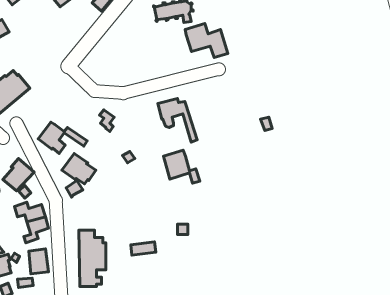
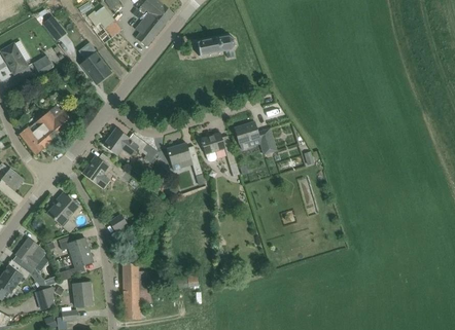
building: none -> [79,52,110,81]
building: [185,23,228,58] -> [234,121,276,155]
building: [164,150,200,183] -> [166,142,202,175]
building: [62,154,96,184] -> [103,129,137,158]

